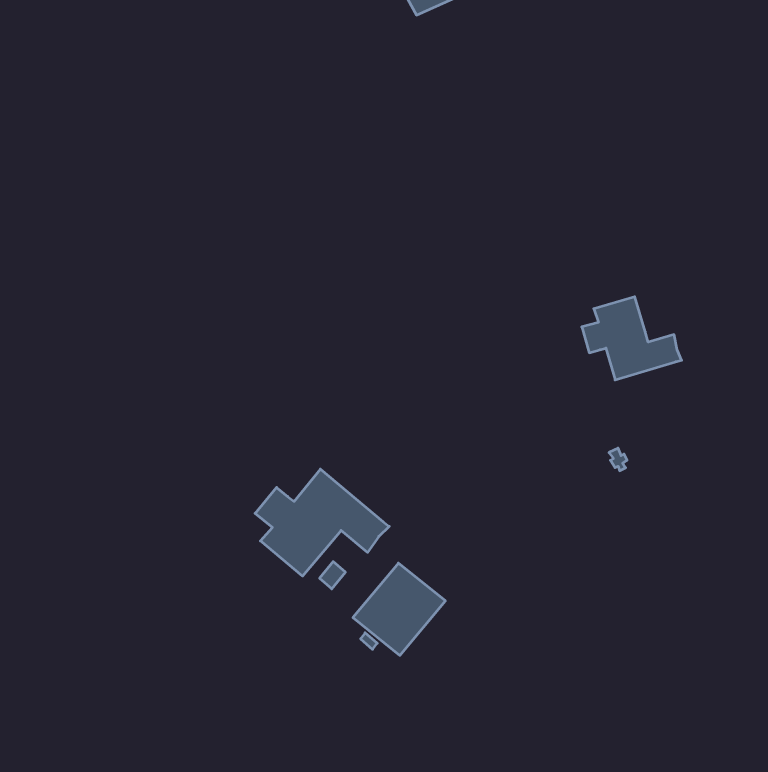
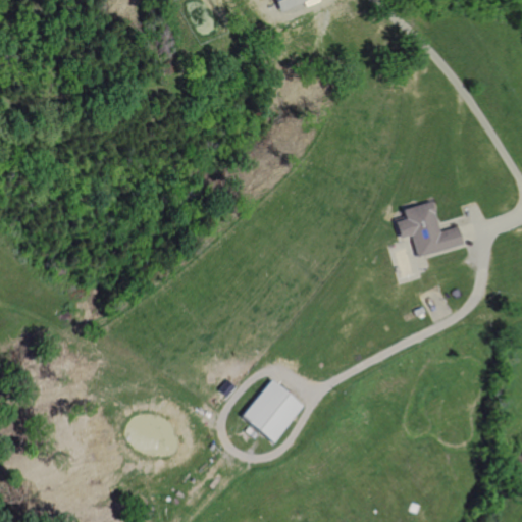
building: [255,469,389,576] -> none

